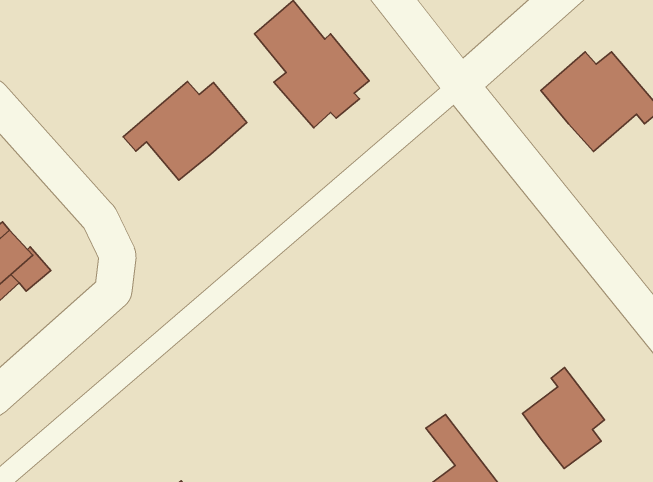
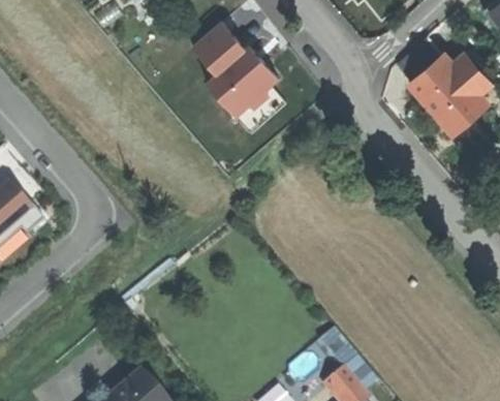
building: [123,82,247,180] -> none
building: [522,368,605,469] -> none

